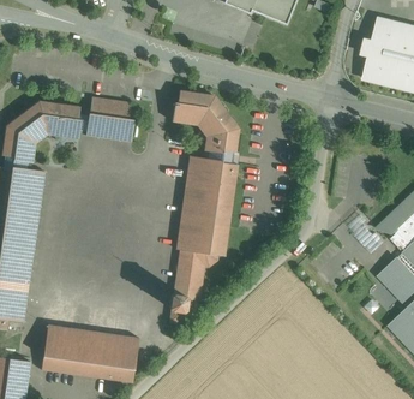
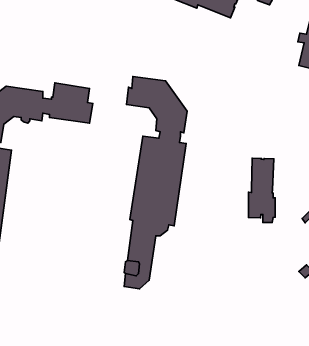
building: none -> [248,158,275,223]
building: [41,323,139,381] -> none

